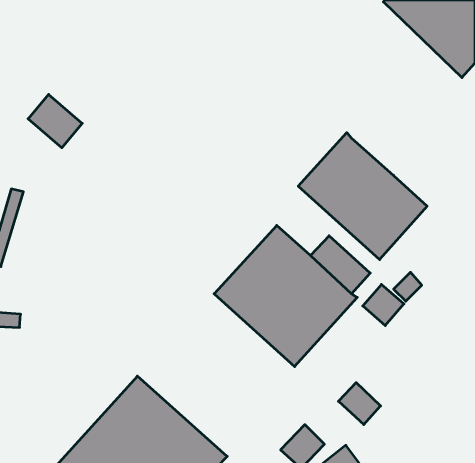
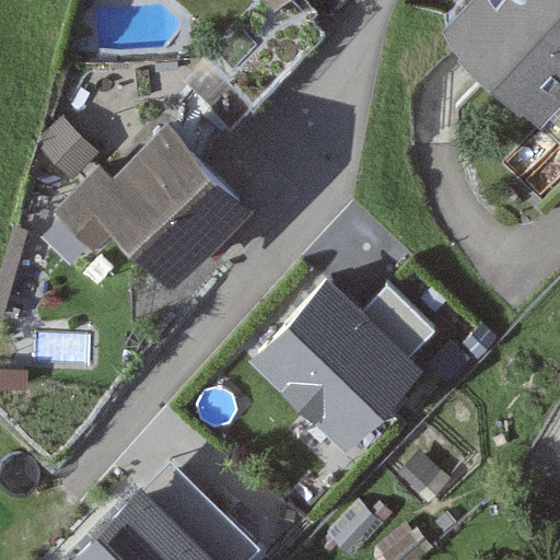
building: none -> [55,125,250,288]
building: [298,133,427,260] -> none

